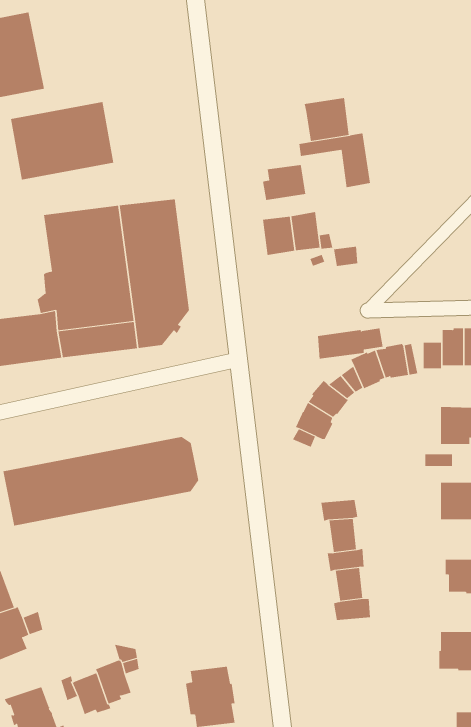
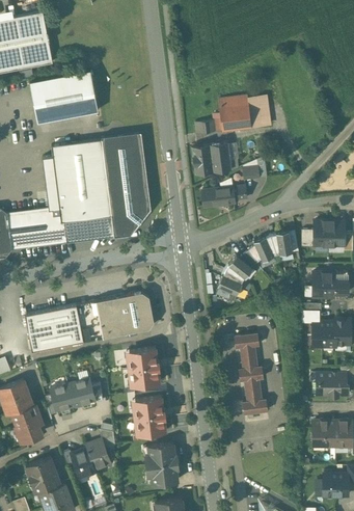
building: [304,97,350,141] -> [220,103,250,132]
building: [317,328,383,359] -> [202,186,246,207]
building: none -> [127,348,159,385]
building: none -> [50,378,96,411]
building: none -> [133,397,165,434]

